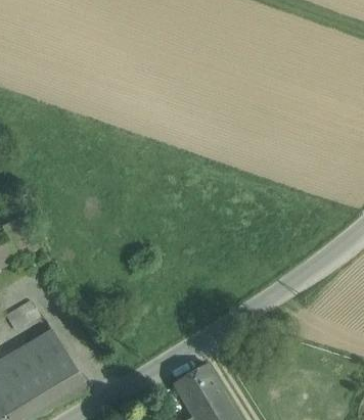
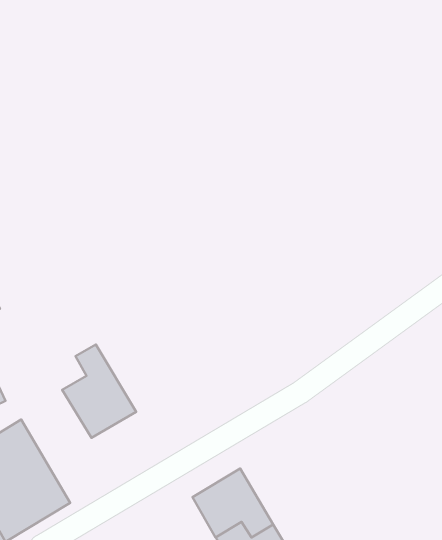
building: none -> [62,344,136,438]

